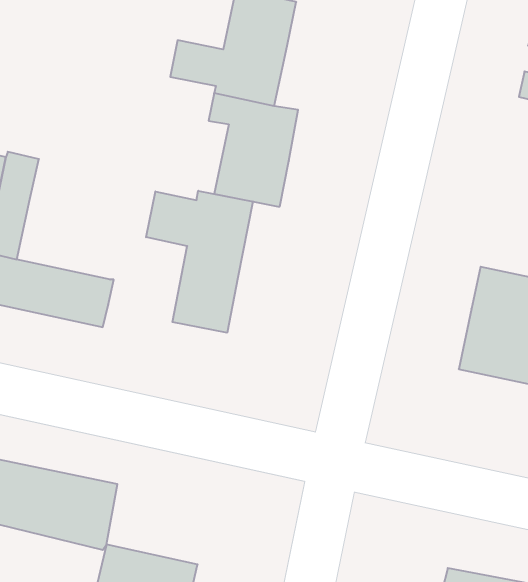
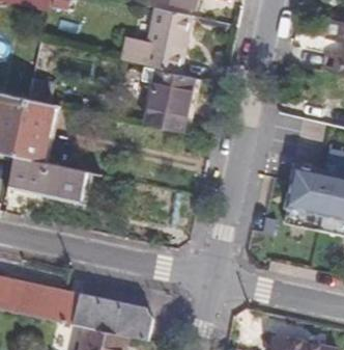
building: [146,191,253,333] -> none
building: none -> [83,290,162,339]

